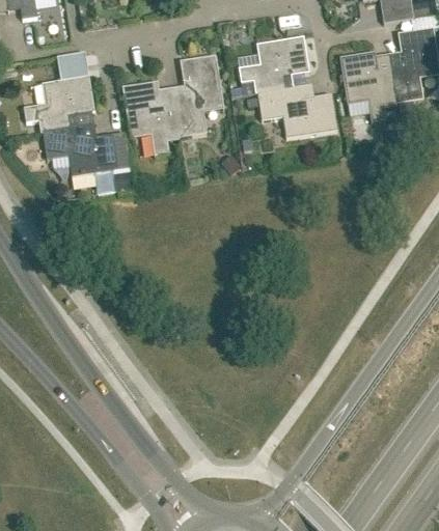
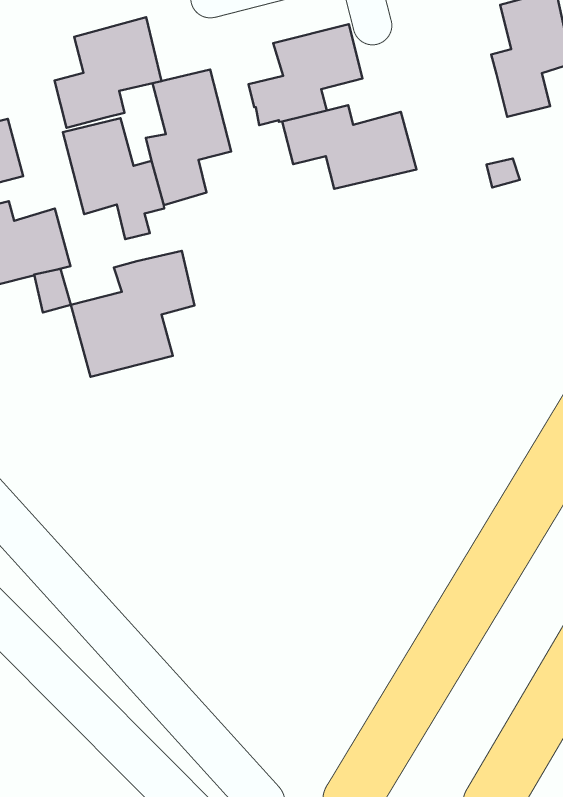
building: none -> [54,17,162,128]
building: [340,50,396,120] -> none
building: none -> [71,251,194,377]

